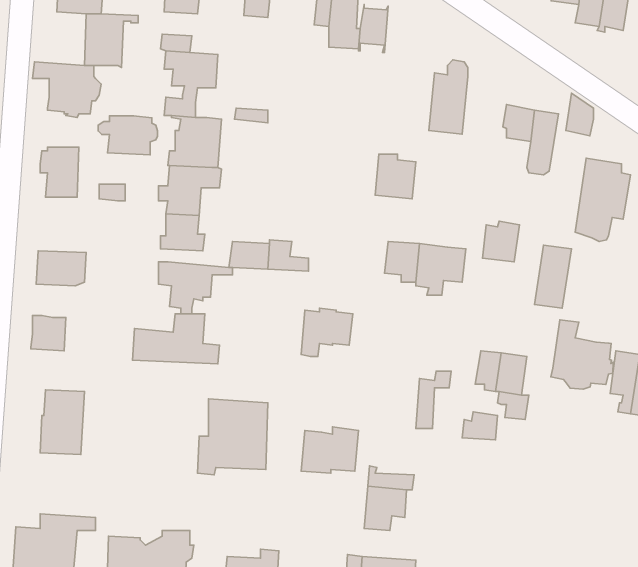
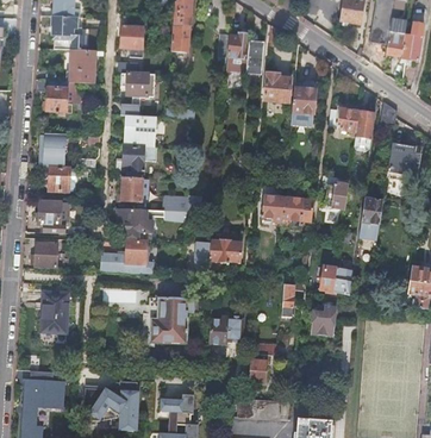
building: [98,116,158,155] -> [42,167,80,192]
building: [375,154,416,199] -> [264,73,291,101]
building: [551,320,613,389] -> none

